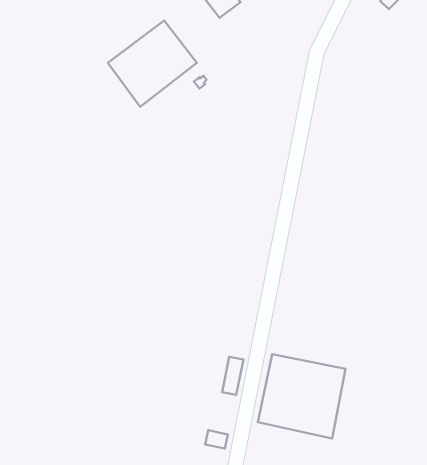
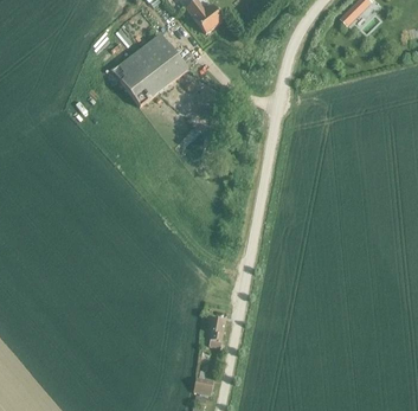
building: [258,354,346,438] -> none

